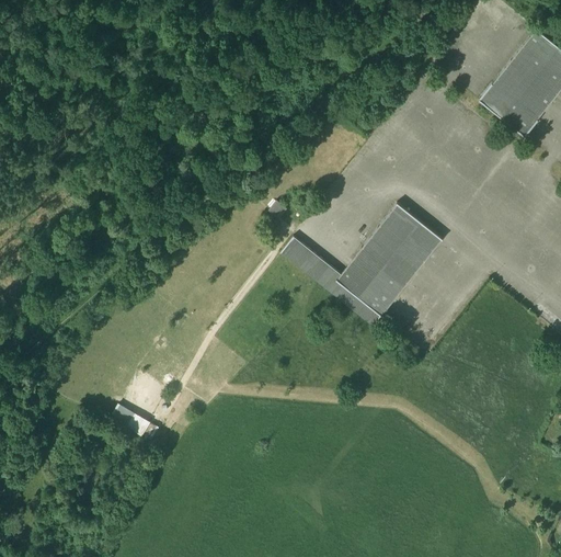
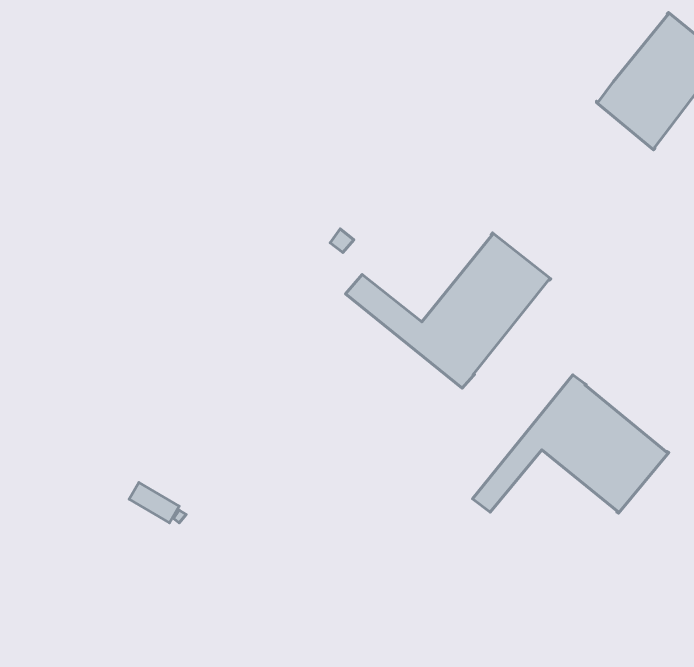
building: none -> [472,375,669,513]

